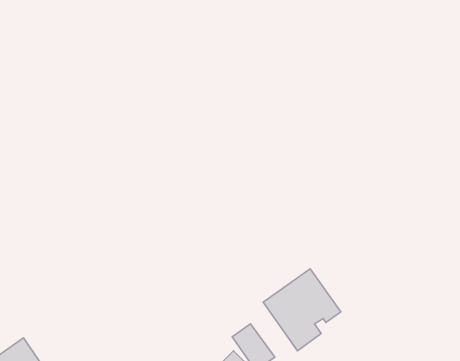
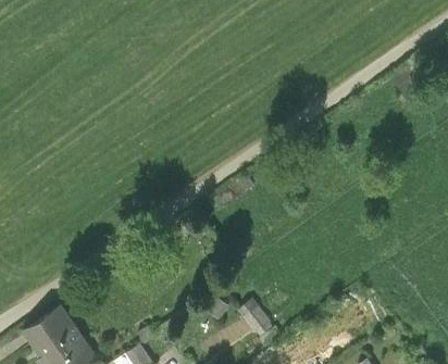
building: [263,269,341,351] -> none

